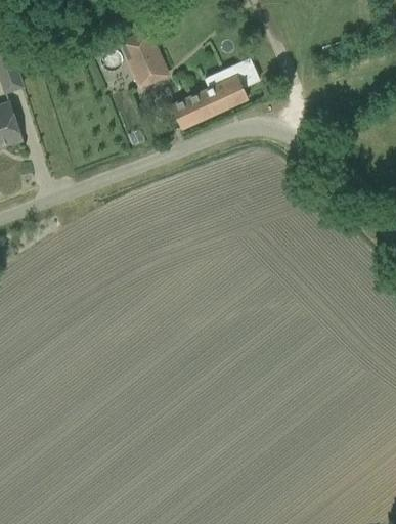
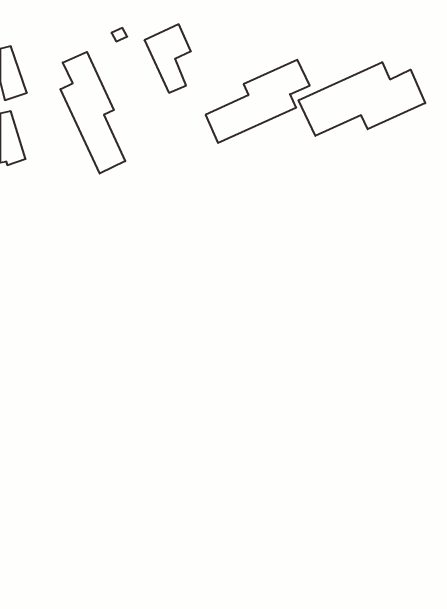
building: none -> [60,52,125,174]
building: none -> [299,62,425,136]

